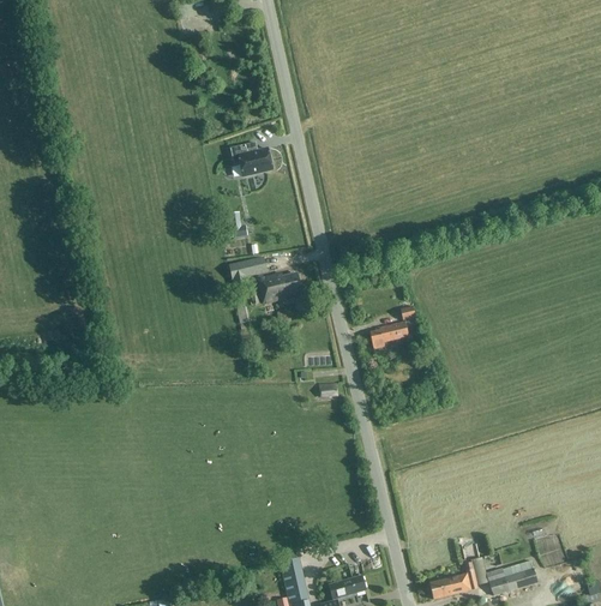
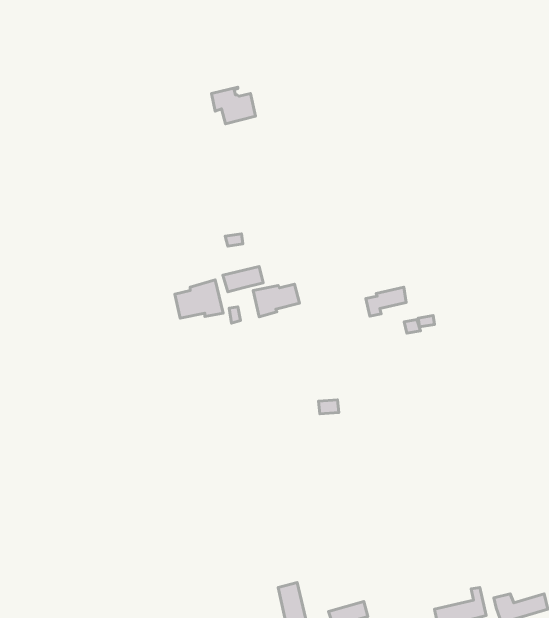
building: [230,142,272,176] -> [211,87,256,124]
building: none -> [175,280,223,318]
building: [369,322,408,349] -> [366,287,406,316]

